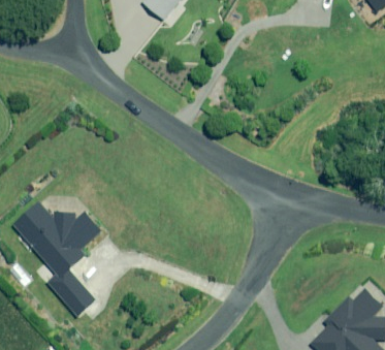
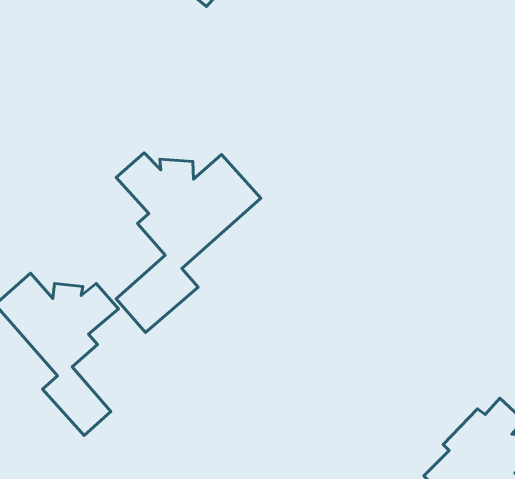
building: none -> [116,153,261,332]

